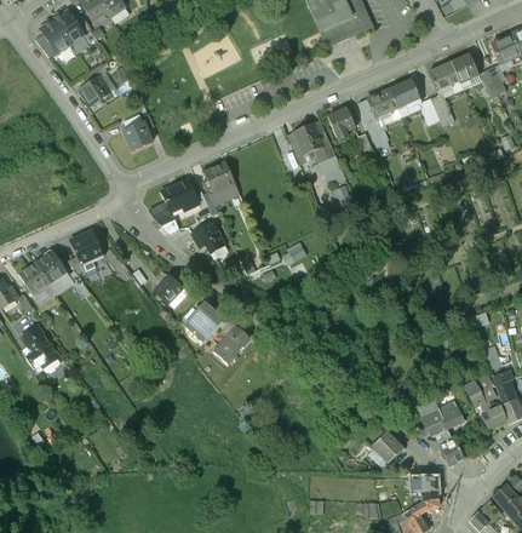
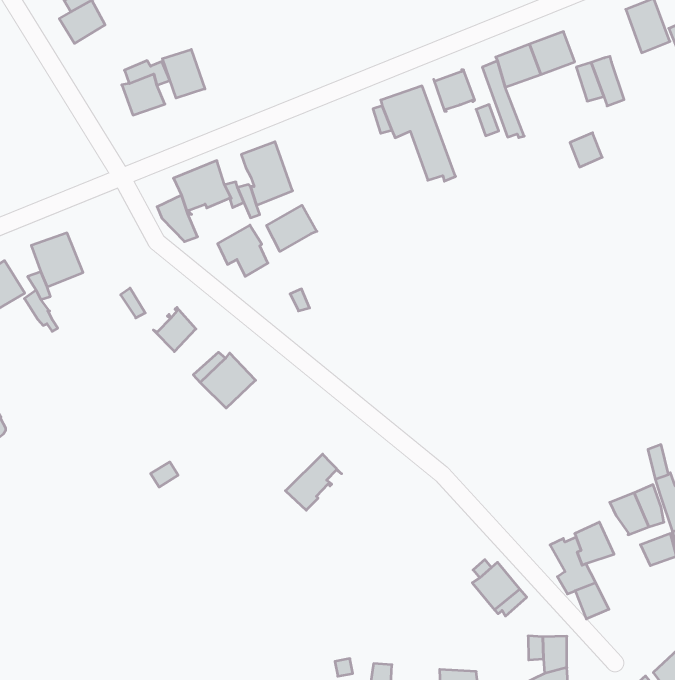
building: [429,62,463,97] -> none
building: none -> [162,49,205,98]
building: none -> [267,205,317,251]
building: [213,326,249,363] -> [285,454,342,510]

